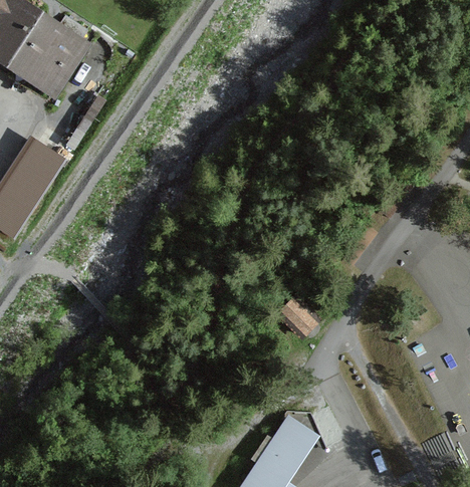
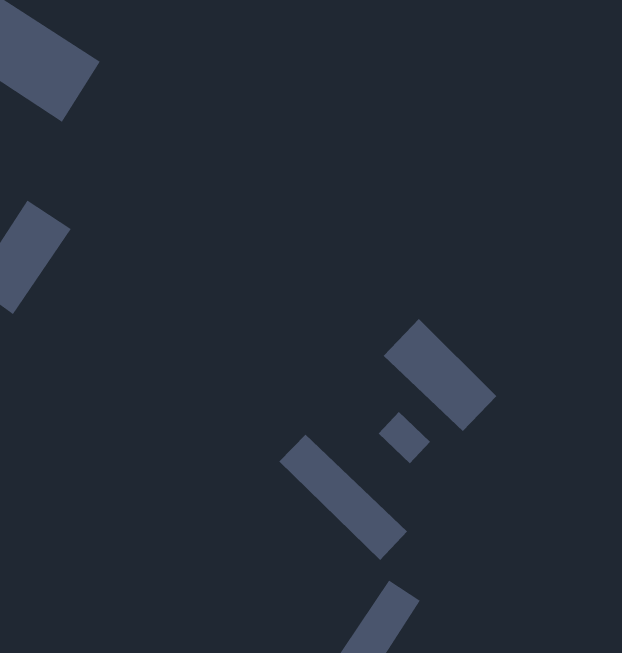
building: none -> [383,318,497,432]
building: none -> [278,434,408,561]

